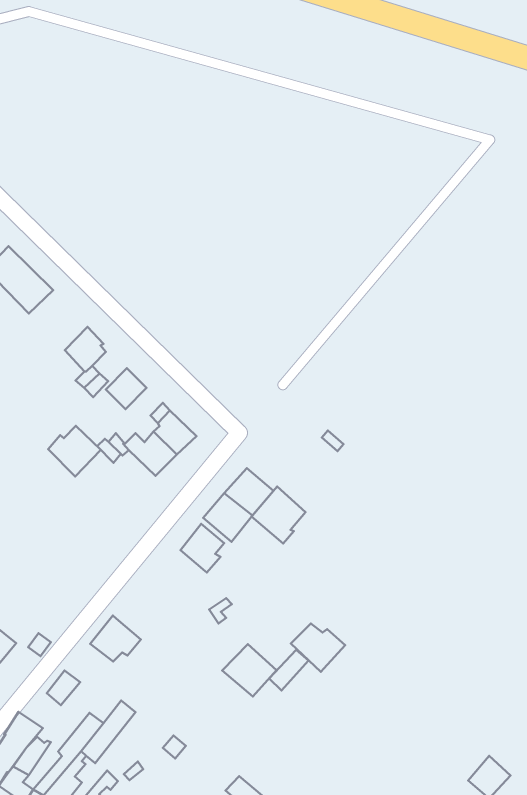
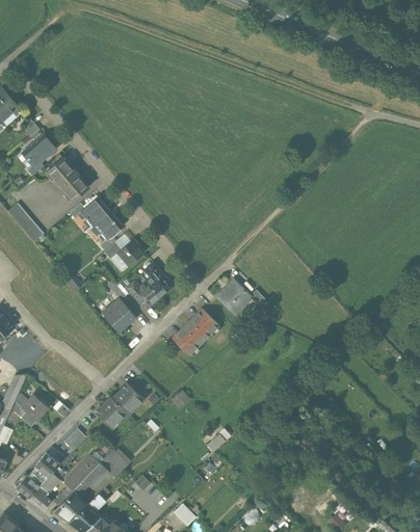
building: none -> [80,198,109,227]
building: [48,426,101,477] -> [102,300,135,332]
building: [252,487,305,544] -> [216,278,251,315]
building: [180,524,224,573] -> [112,382,140,414]
building: [291,624,345,672] -> none
building: [222,644,277,696] -> none

